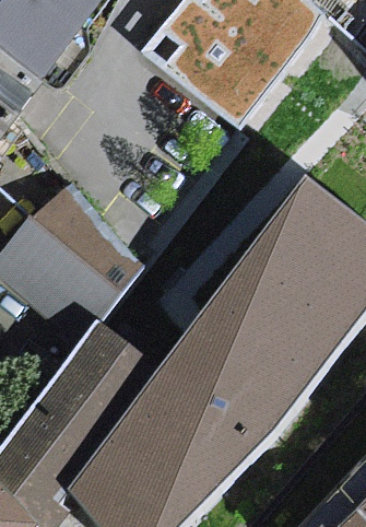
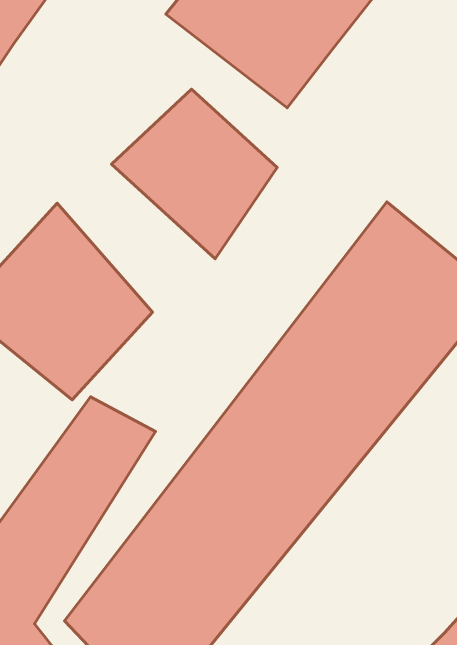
building: none -> [112,89,277,259]

